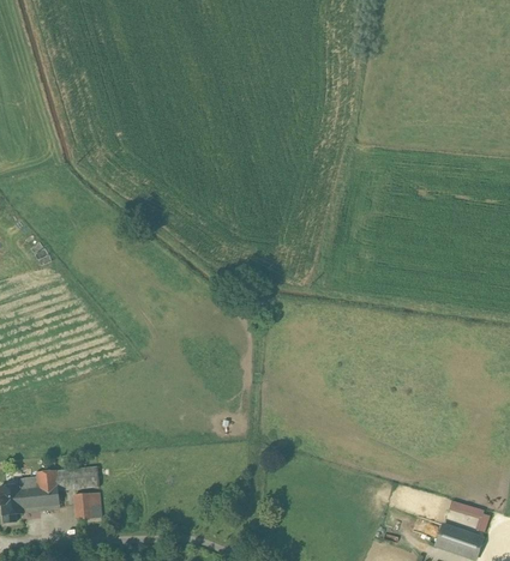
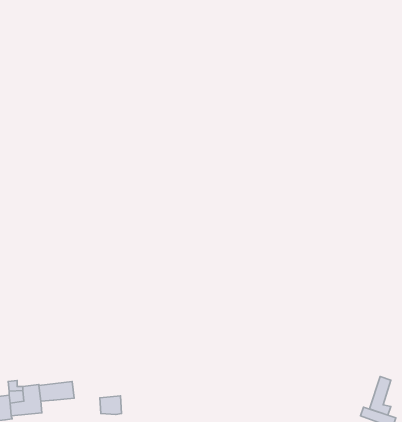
building: none -> [370,377,391,415]
building: [73,489,100,512] -> [100,396,122,415]

